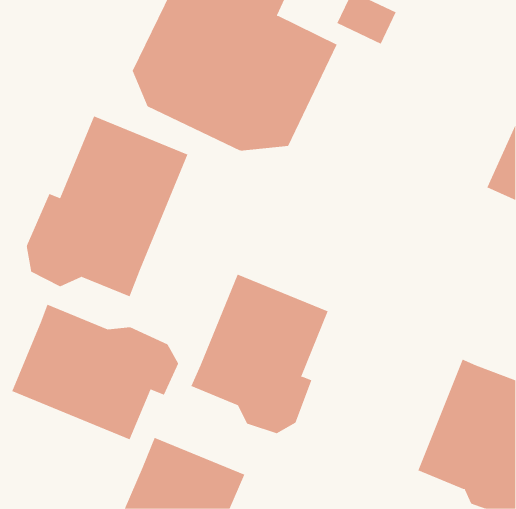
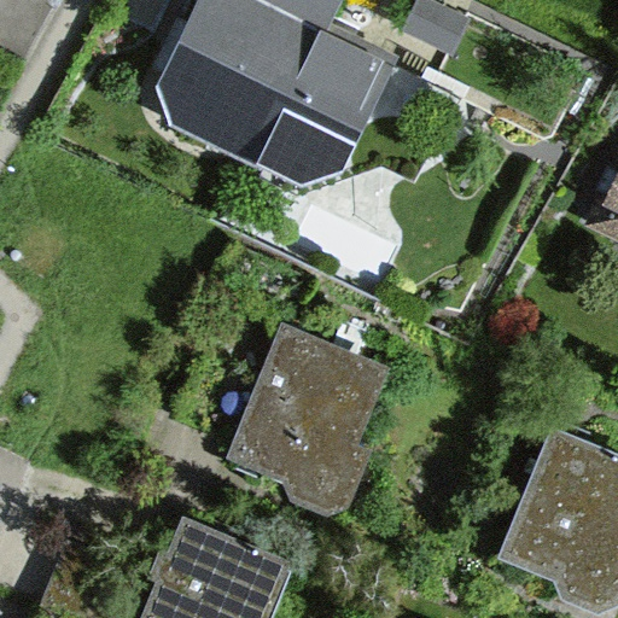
building: [26,116,188,297] -> none
building: [12,304,179,440] -> none

